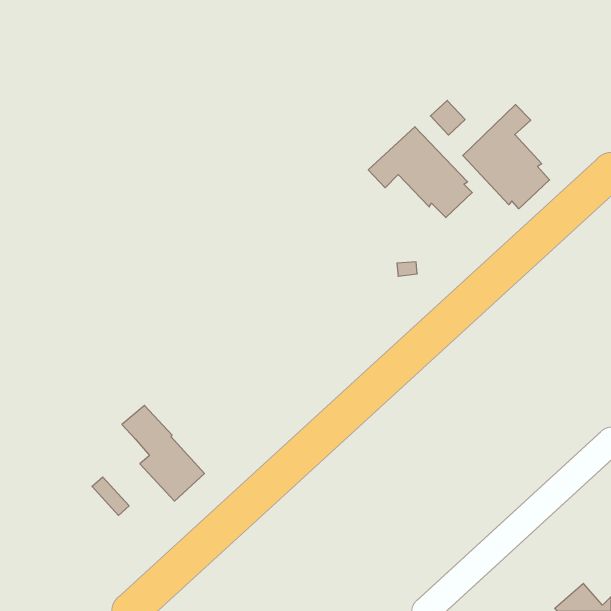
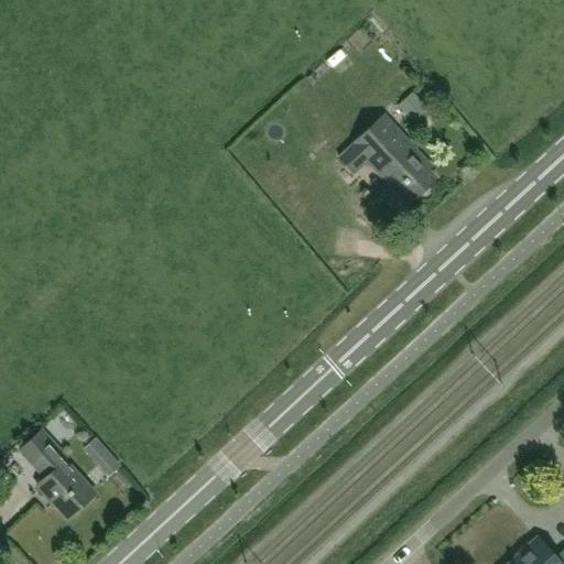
building: [463,105,550,209] -> none
building: [122,405,204,501] -> [20,431,96,519]

